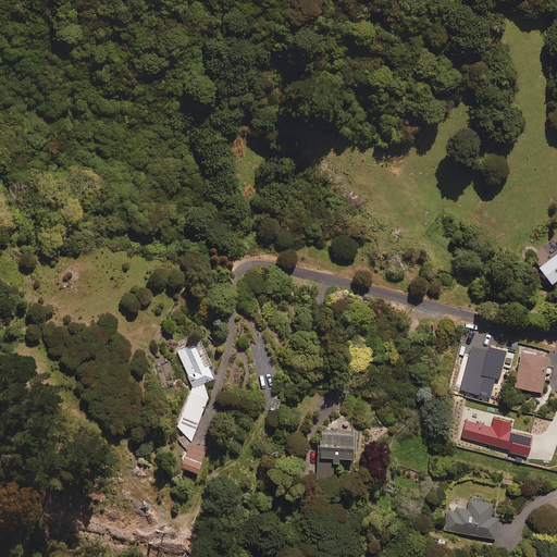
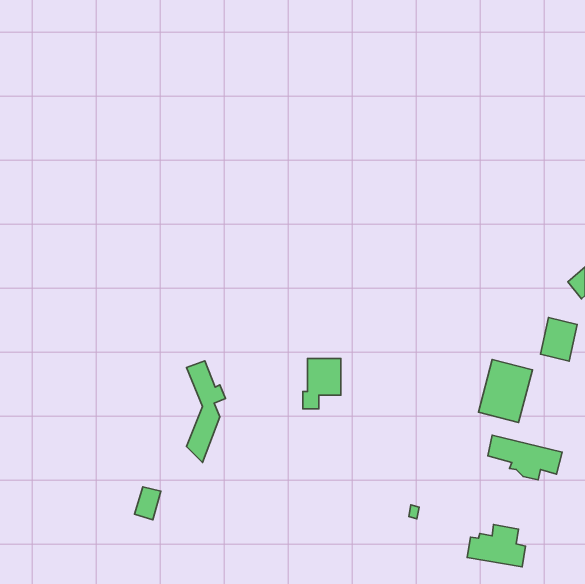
building: [515,351,549,393] -> [541,318,577,361]
building: [318,429,354,476] -> [303,358,341,409]
building: [182,442,207,473] -> [135,487,161,520]

